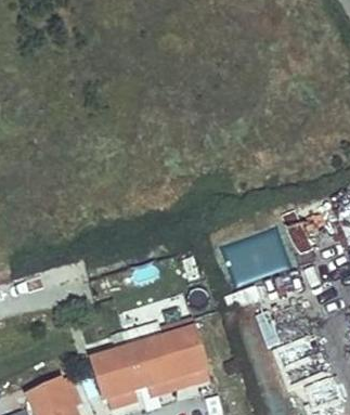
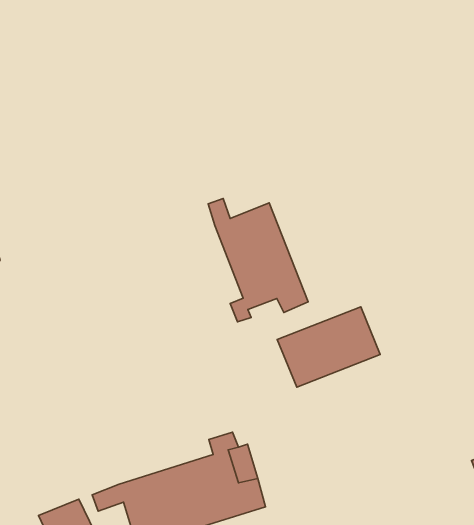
building: none -> [208,199,308,322]

